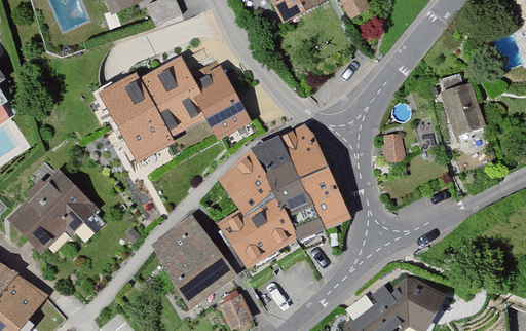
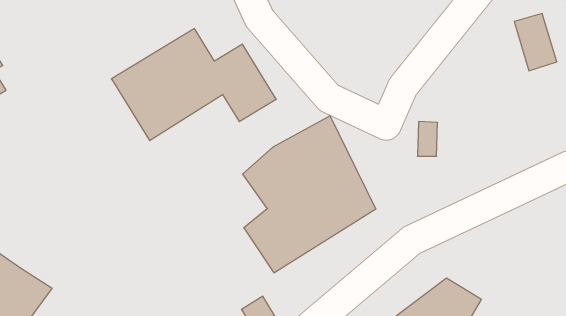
building: [442,84,481,137] -> [514,14,557,71]
building: [10,173,88,250] -> none
building: [154,218,231,300] -> none

